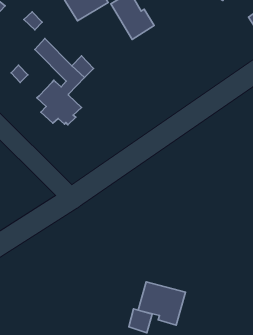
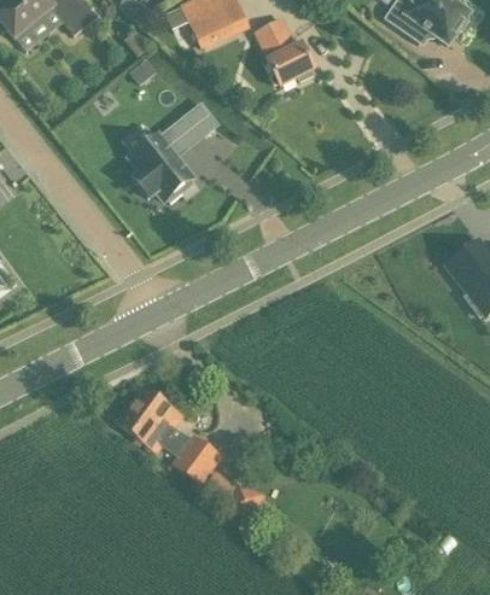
building: none -> [117,385,186,450]
building: none -> [171,432,222,484]
building: [138,282,186,325] -> none

